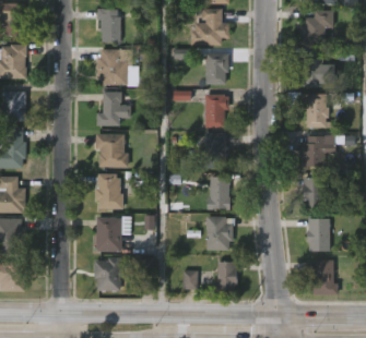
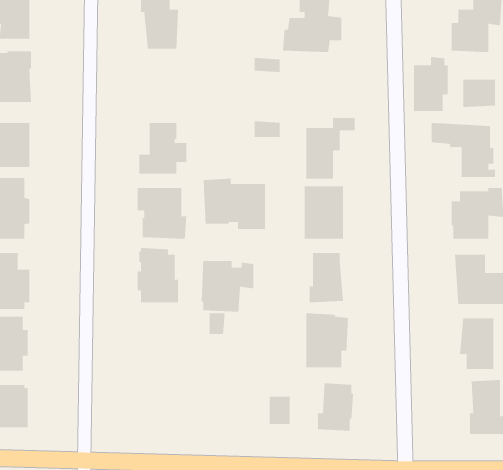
building: [205,48,228,84] -> [413,57,448,112]
building: [97,49,135,86] -> none
building: none -> [203,178,266,230]
building: [95,218,130,252] -> [201,260,254,312]
building: [94,258,120,292] -> none

